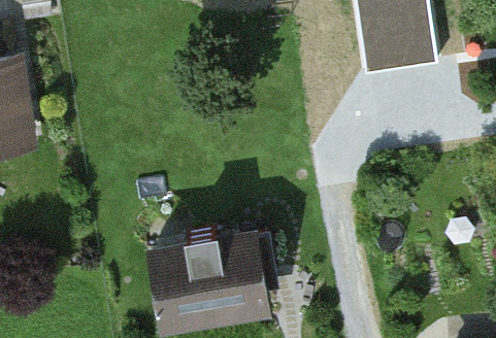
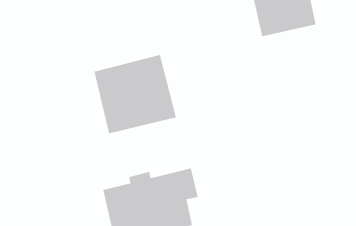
building: none -> [94,54,176,134]

